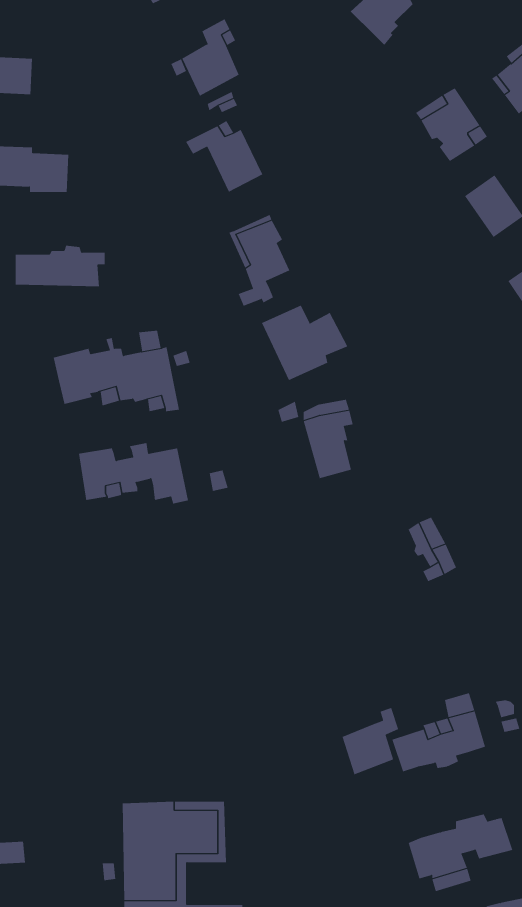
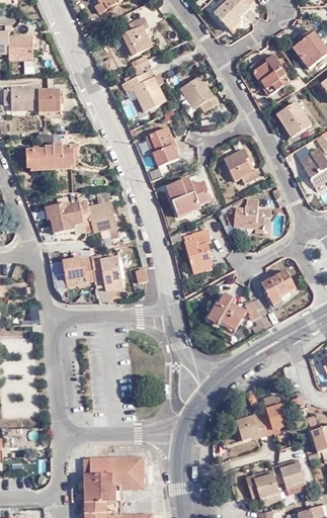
building: none -> [183,81,218,117]
building: none -> [222,146,260,187]
building: none -> [227,198,265,233]
building: none -> [261,266,298,304]
building: none -> [209,295,245,330]
building: [342,707,399,775] -> none

